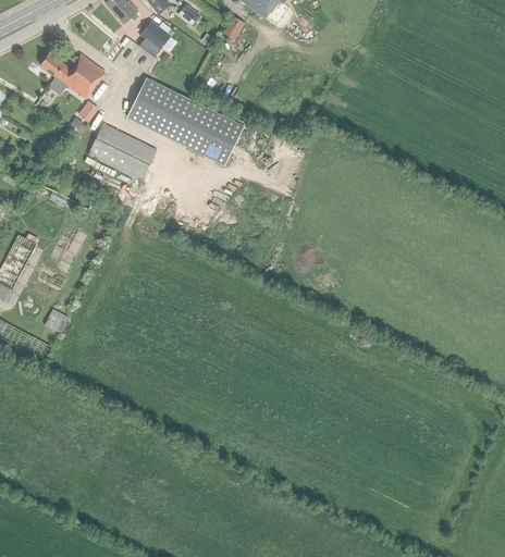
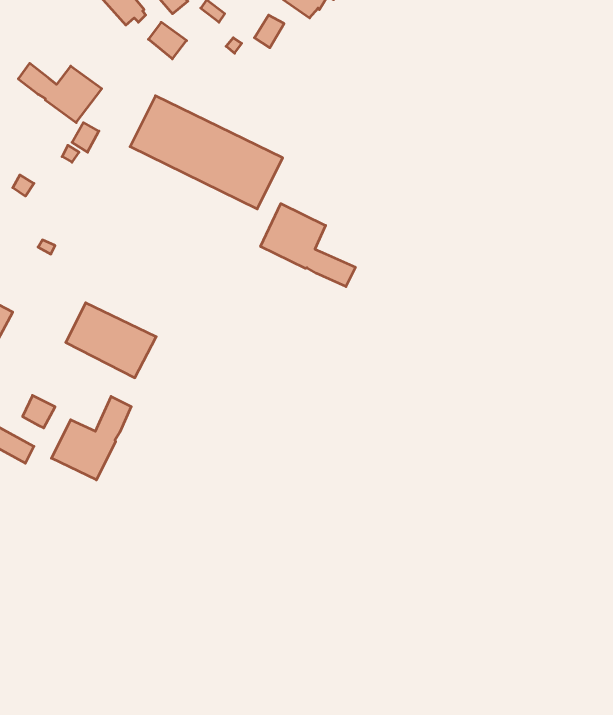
building: [87,123,157,181] -> [66,303,156,378]
building: none -> [261,204,355,287]
building: none -> [51,396,131,480]

